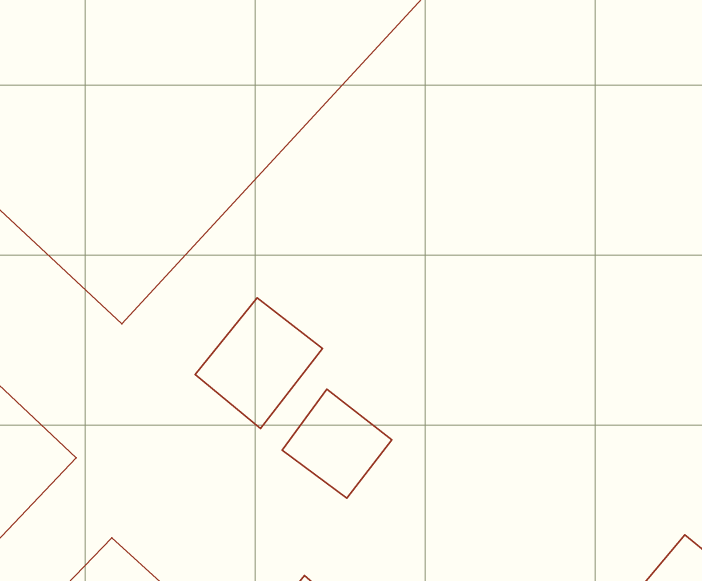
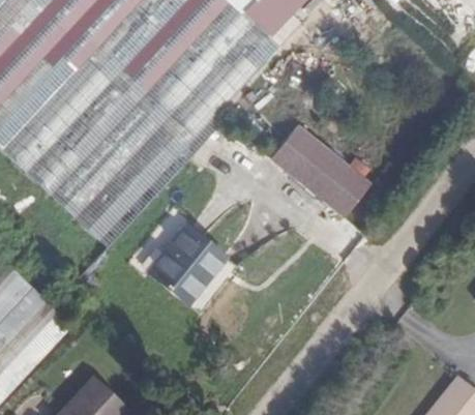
building: none -> [269,125,368,217]
building: [282,389,392,498] -> none

